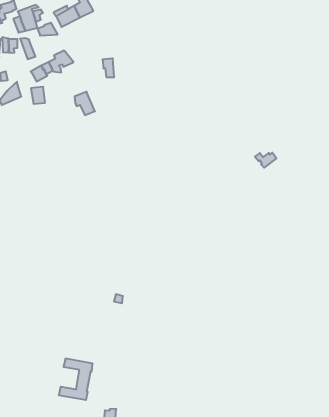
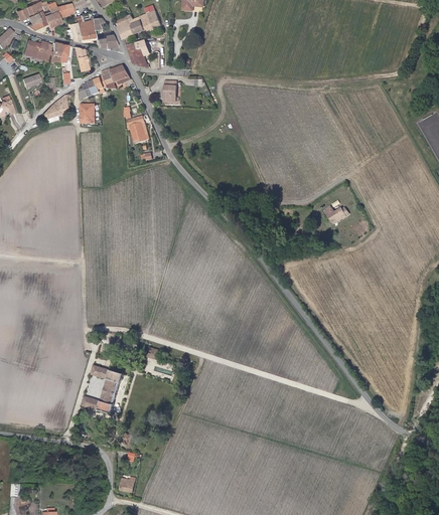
building: none -> [127,40,149,65]
building: [59,359,93,400] -> [81,364,123,413]

